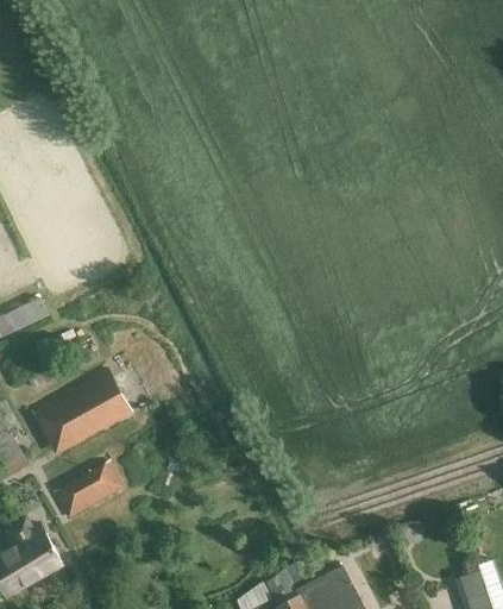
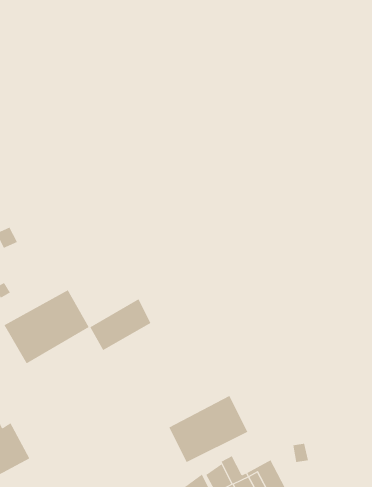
building: [51,459,122,520] -> [90,299,151,351]
building: none -> [168,395,248,463]

